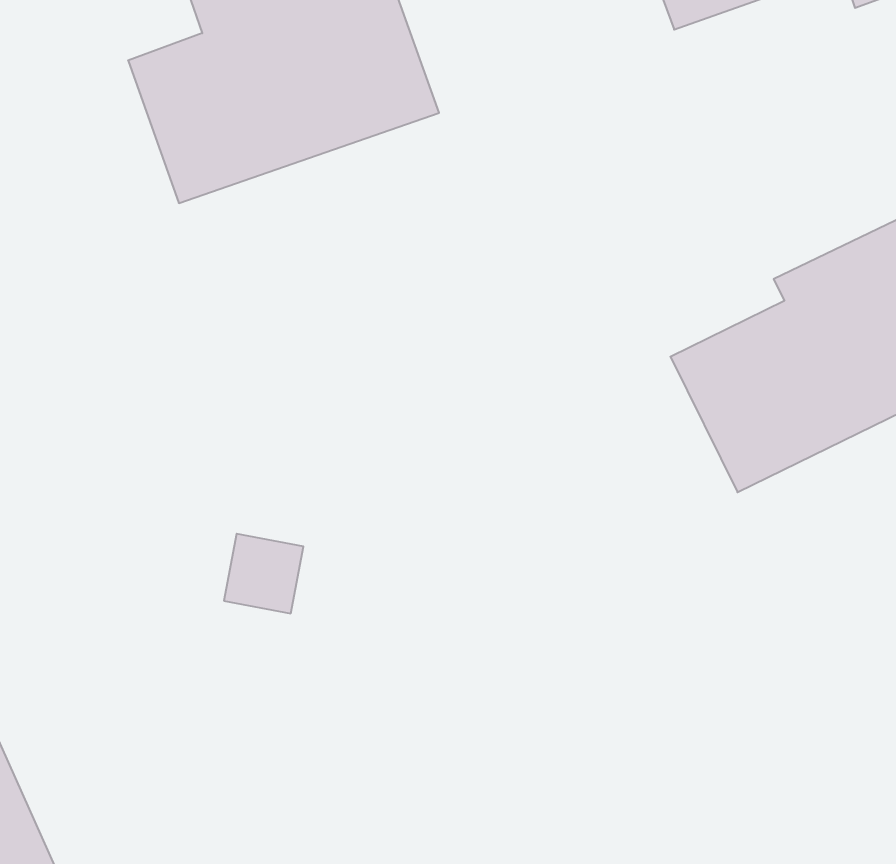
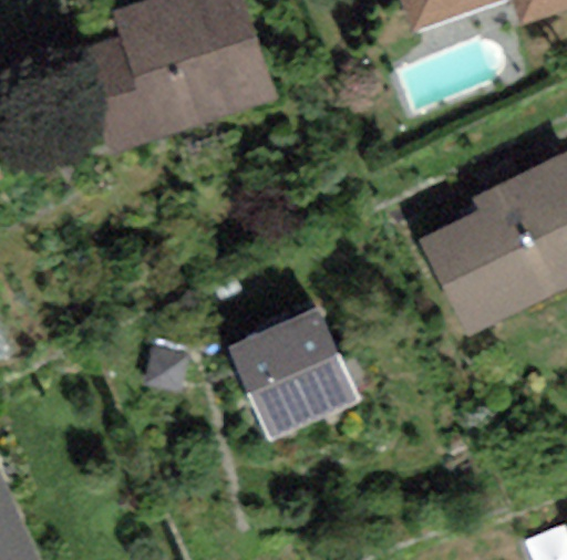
building: none -> [230,302,359,434]

